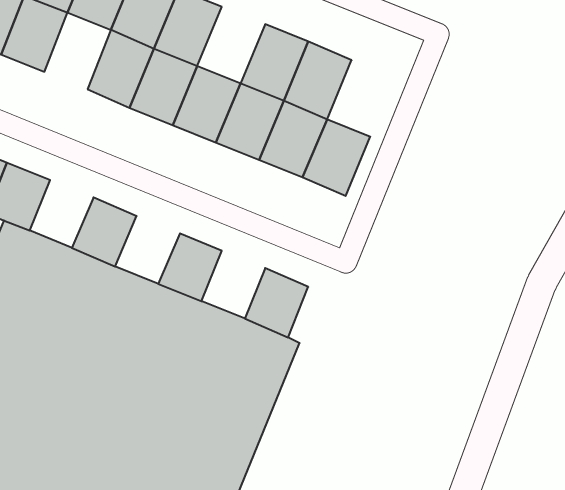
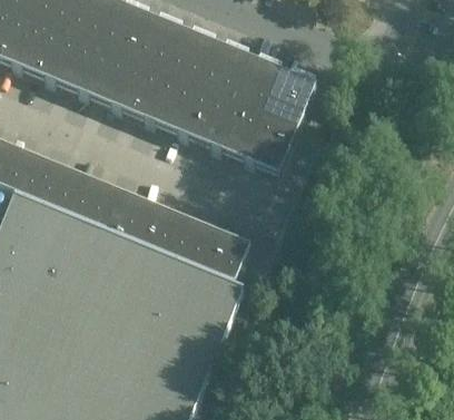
building: none -> [162,26,215,85]
building: none -> [45,30,96,89]
building: none -> [263,67,315,126]
building: none -> [33,159,82,212]
building: none -> [99,187,149,240]
building: none -> [166,214,215,266]

